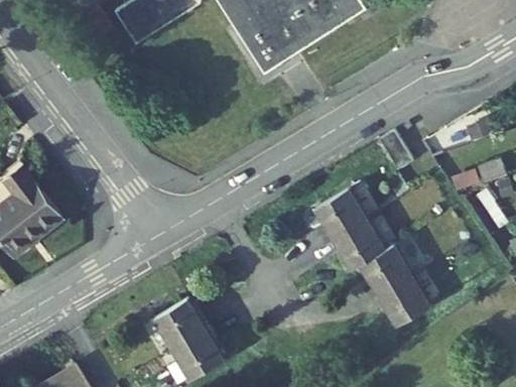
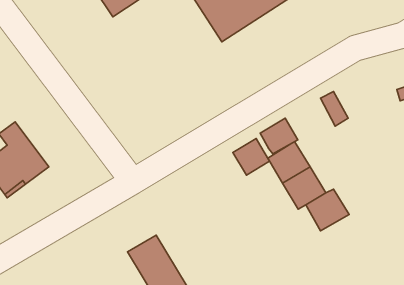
building: none -> [260,118,298,154]
building: none -> [233,139,270,175]
building: [379,273,430,324] -> none

